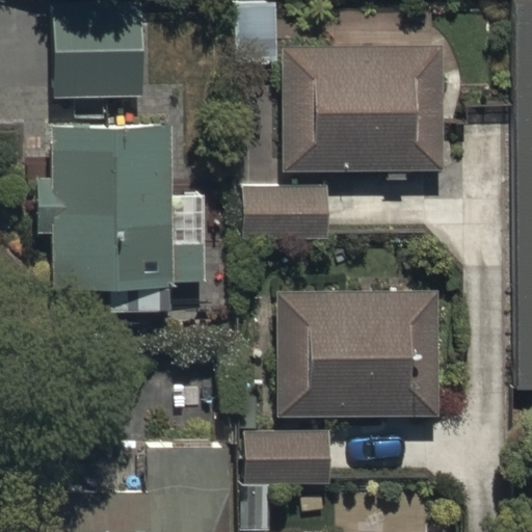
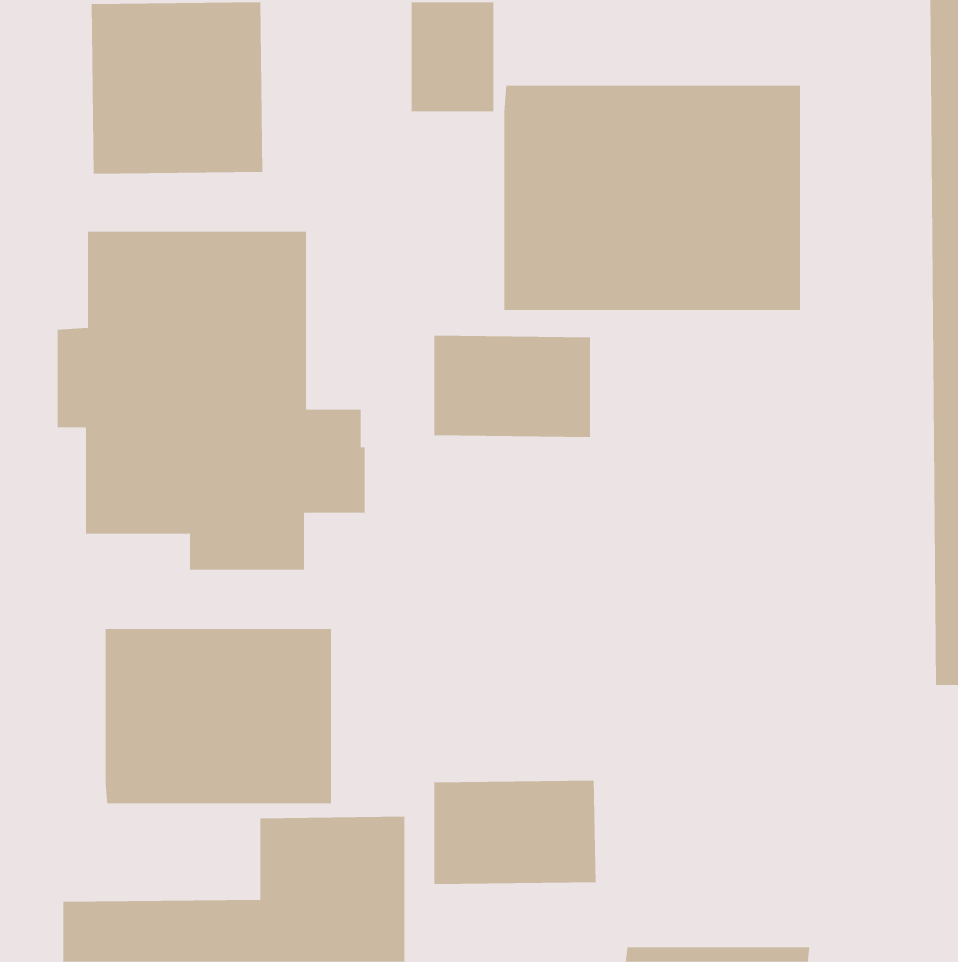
building: [276,292,441,417] -> none
building: none -> [105,628,331,804]

